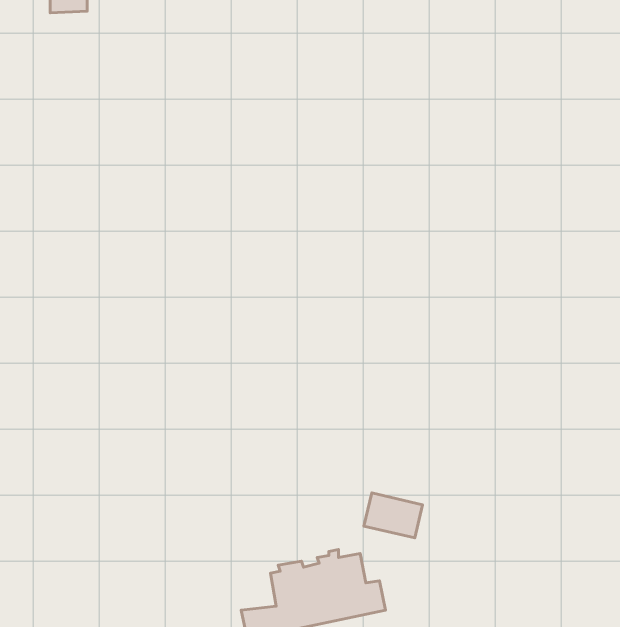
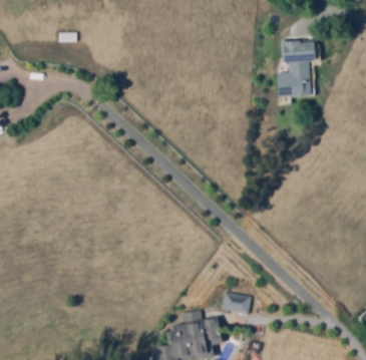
building: none -> [277,40,312,96]

